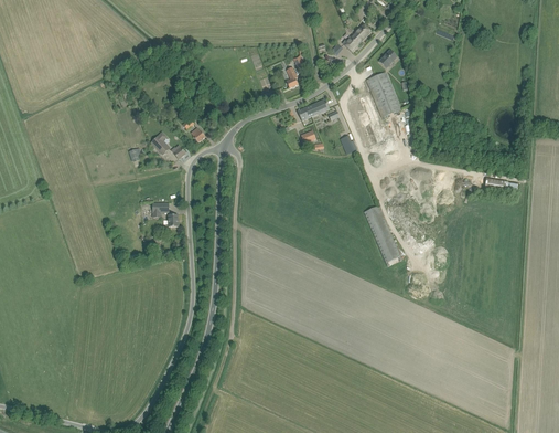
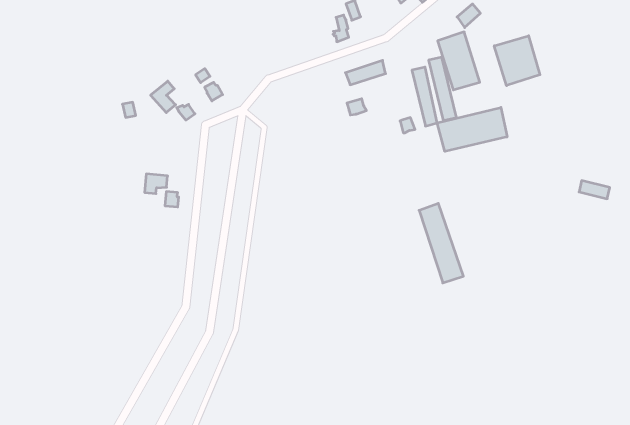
building: none -> [494,36,540,86]
building: none -> [437,107,507,151]

